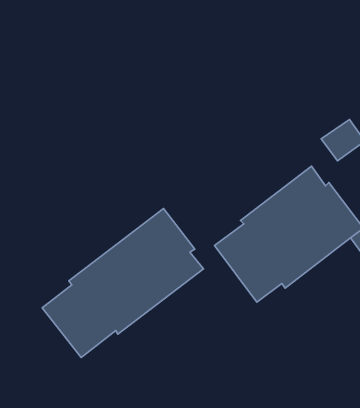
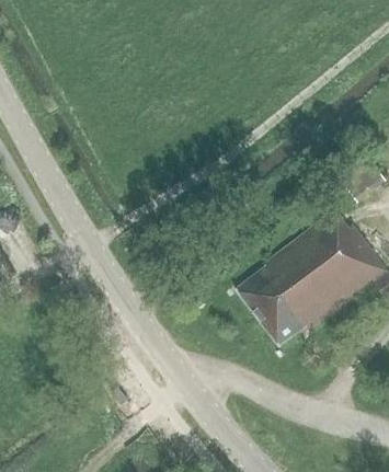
building: [42,209,204,358] -> none

